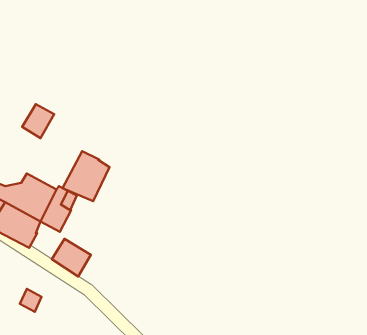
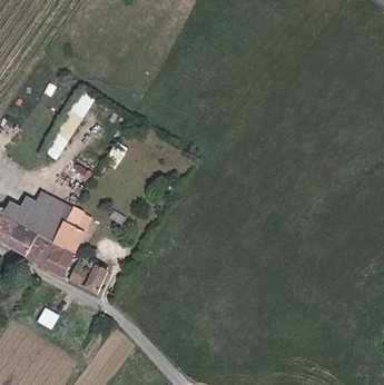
building: [63,151,110,201] -> none
building: none -> [47,239,77,274]

